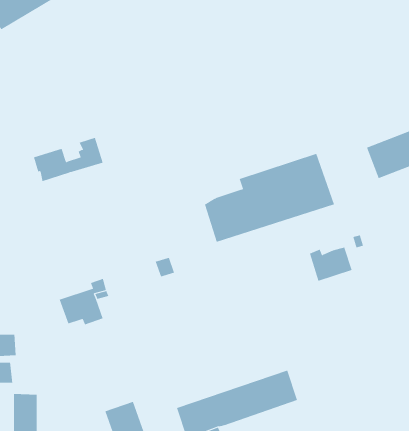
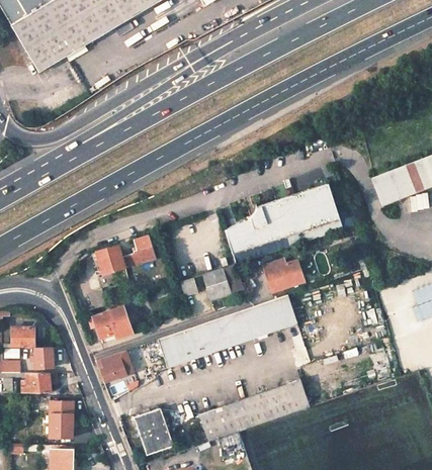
building: [33,137,103,182] -> [91,234,155,275]
building: none -> [202,264,242,298]
building: [309,247,353,281] -> [264,260,304,291]
building: none -> [157,295,295,367]
building: none -> [96,353,131,381]

